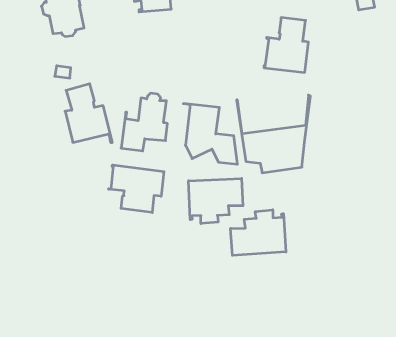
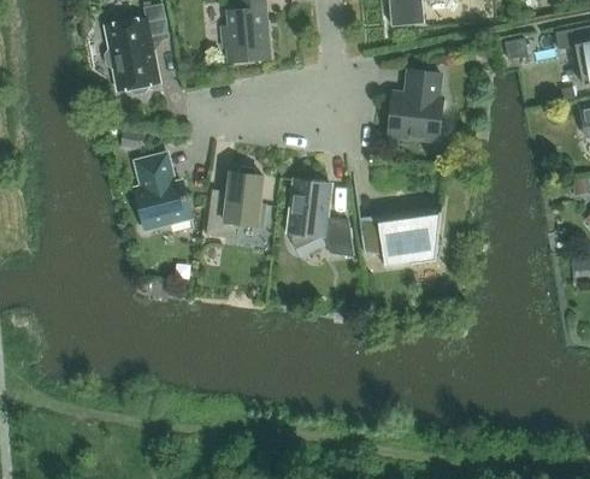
building: [109,165,164,213] -> none
building: [189,178,243,224] -> none
building: [231,210,286,255] -> none

